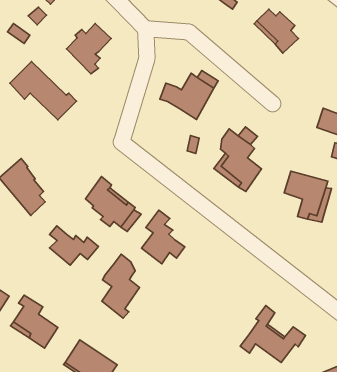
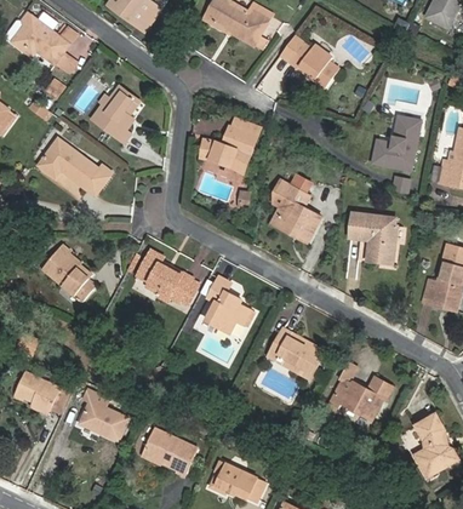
building: [49,226,99,265] -> none
building: [102,254,139,318] -> none
building: none -> [268,330,322,377]

